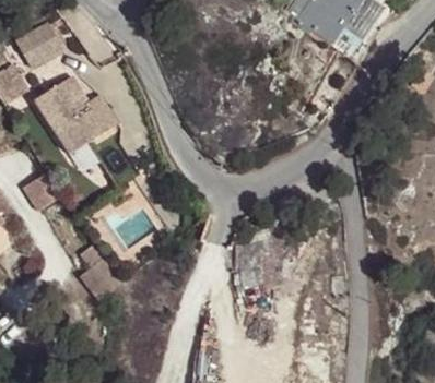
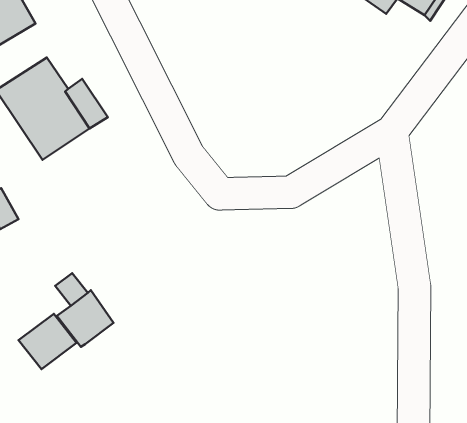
building: none -> [19,314,77,369]

